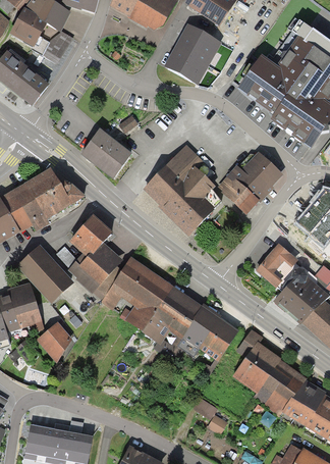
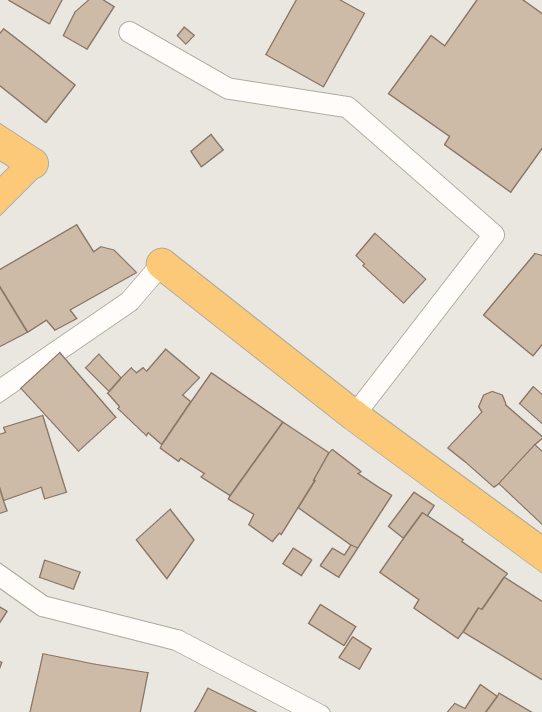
building: [79,128,131,178] -> none
building: [142,144,215,236] -> none
building: [228,151,282,201] -> none
building: [68,213,112,256] -> none
building: [255,243,297,288] -> none
building: [37,320,71,362] -> [136,509,194,579]

